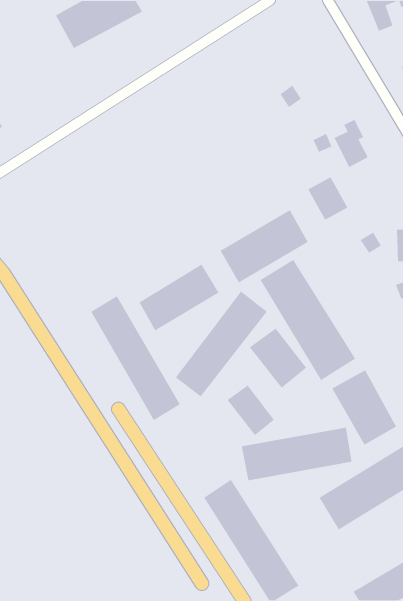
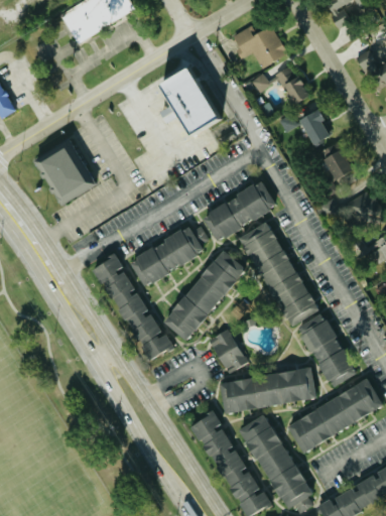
building: none -> [233,24,289,68]
building: none -> [279,63,308,104]
building: none -> [153,66,213,133]
building: none -> [37,141,95,204]
building: [307,176,348,221] -> [316,143,352,181]
building: [249,327,307,389] -> none
building: none -> [238,415,314,508]

